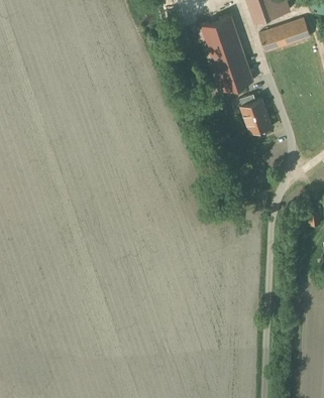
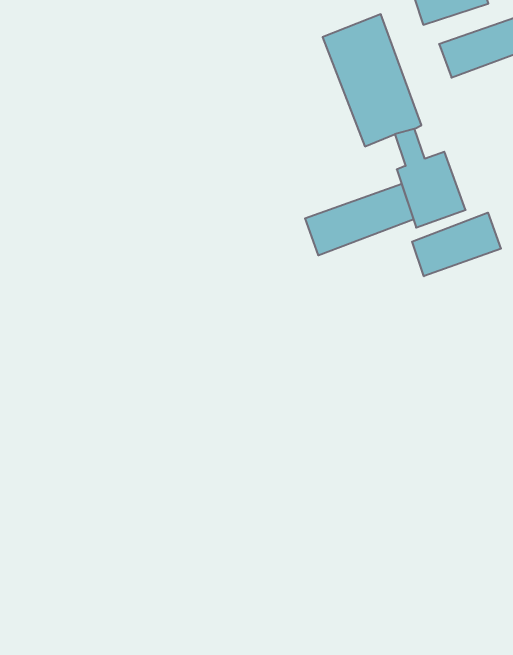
building: none -> [305,184,413,255]
building: none -> [412,213,501,276]

